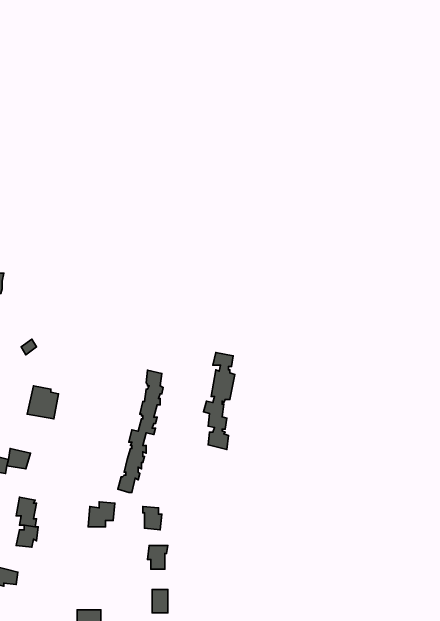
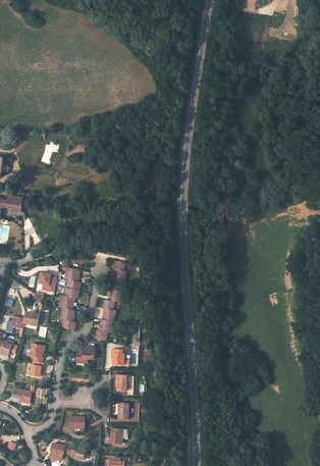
building: [203,353,235,450] -> [59,267,79,330]

